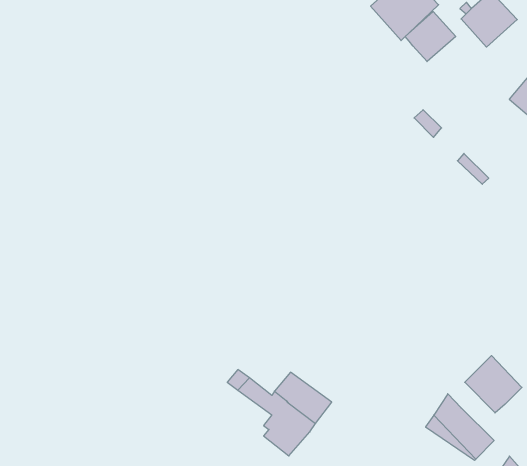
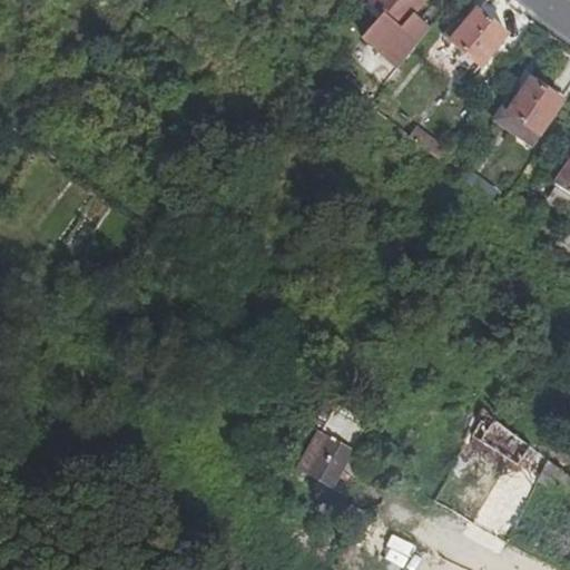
building: [405,12,456,62] -> none
building: [465,356,522,413] -> none

